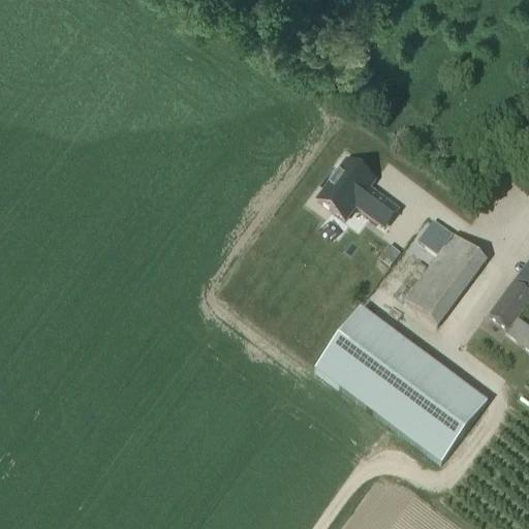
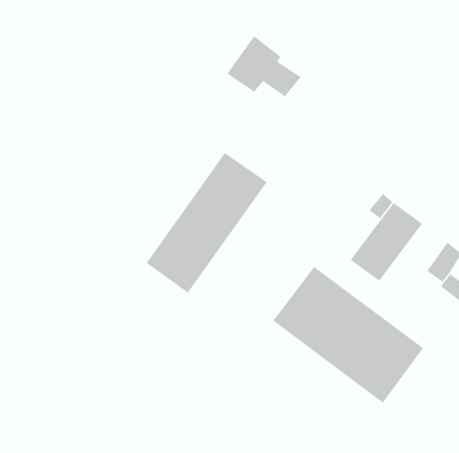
building: [304,148,390,218] -> [227,36,301,97]
building: none -> [146,152,267,294]

